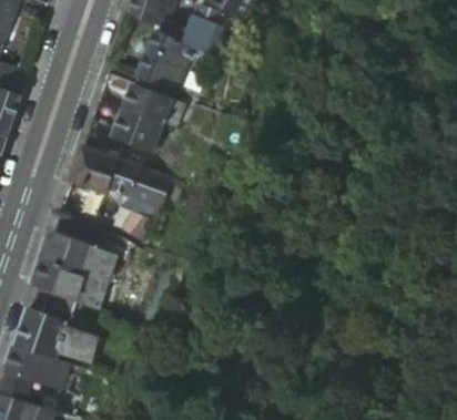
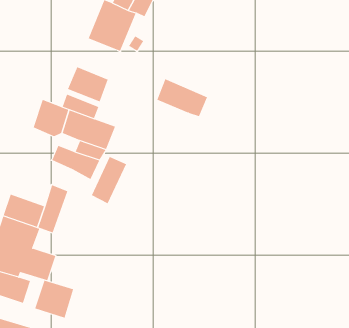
building: [123,83,184,129] -> [156,78,208,117]
building: none -> [91,156,127,204]
building: [44,234,93,274] -> none
building: none -> [35,280,74,318]

